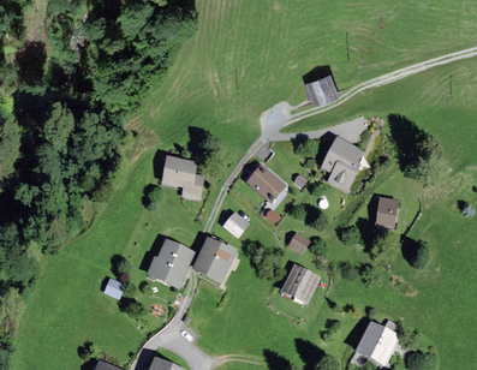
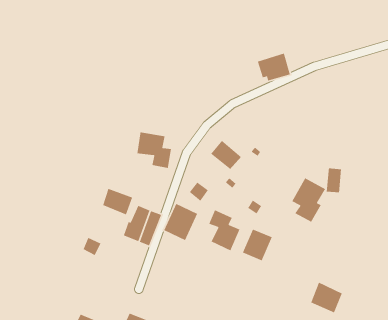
building: [321,138,360,190] -> [291,177,326,223]
building: none -> [102,188,133,215]
building: none -> [208,209,240,251]

